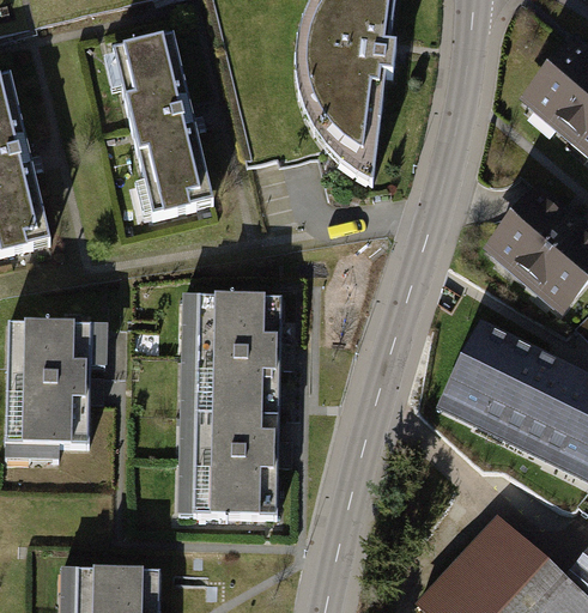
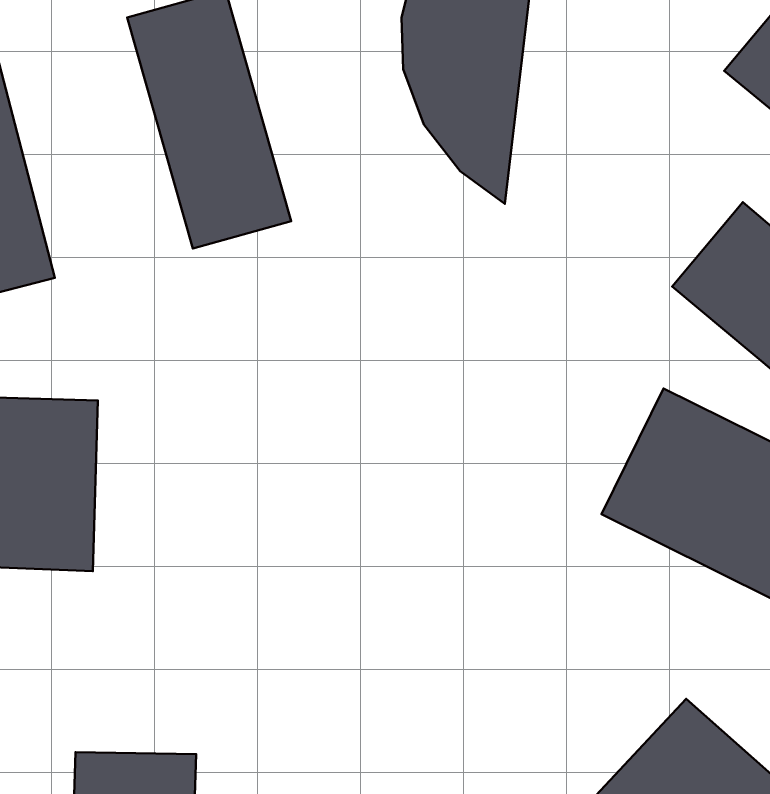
building: [170,299,271,515] -> none

